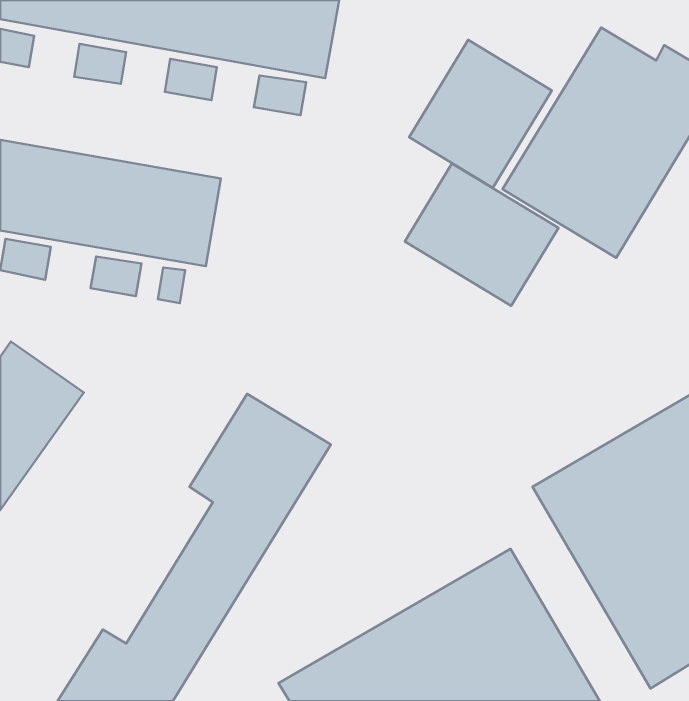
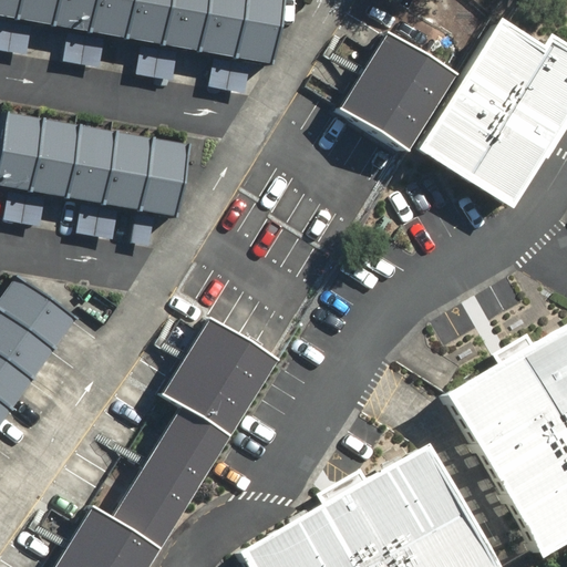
building: [405,163,558,306] -> none

